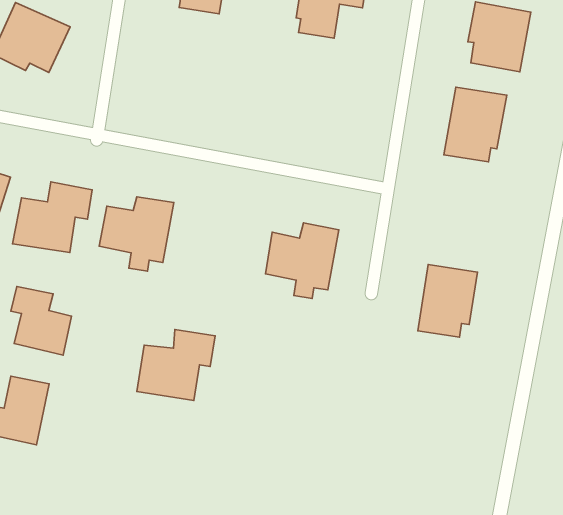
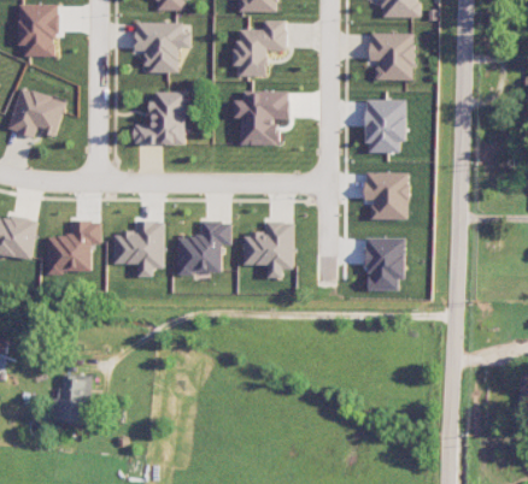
building: none -> [133,92,184,146]
building: none -> [233,92,288,144]
building: none -> [364,172,407,220]
building: [11,286,71,355] -> none
building: [137,329,215,400] -> [176,222,229,273]

